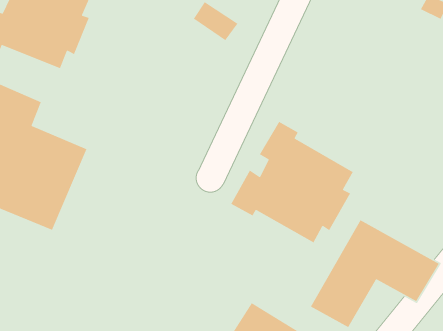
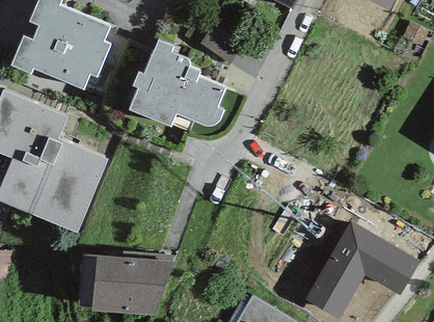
building: none -> [130,39,226,127]
building: [230,121,354,244] -> none
building: none -> [79,251,174,315]

